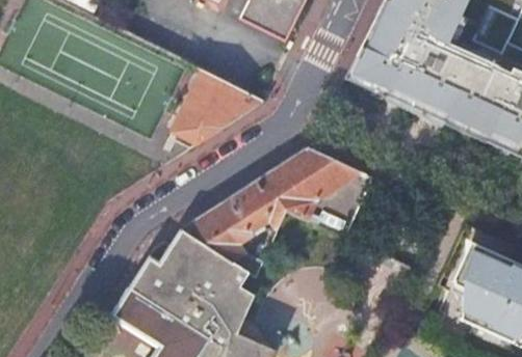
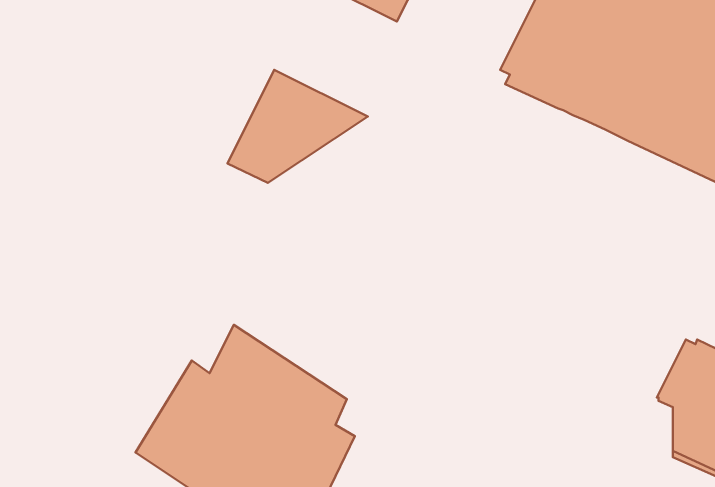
building: [179,145,375,281] -> none

